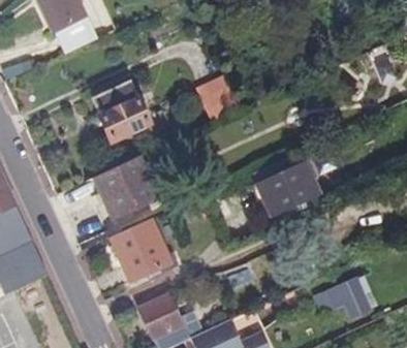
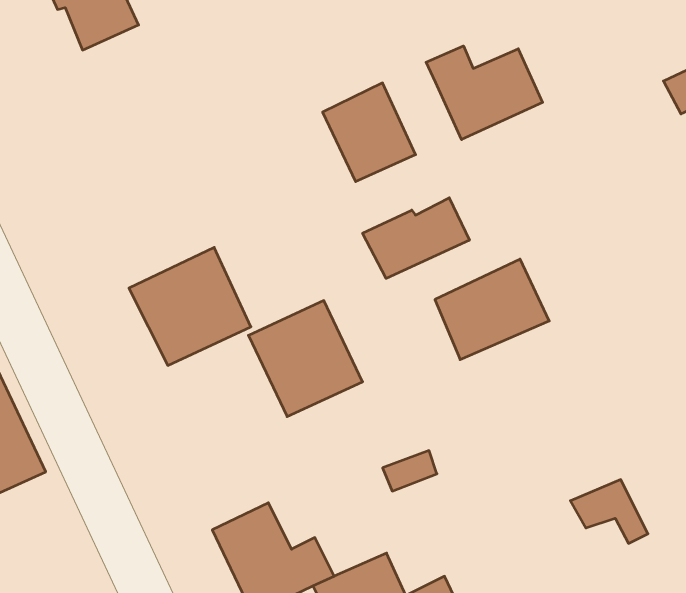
building: none -> [426,46,543,140]
building: [91,82,148,139] -> none
building: none -> [363,198,469,278]
building: [108,219,169,281] -> [248,301,363,417]

